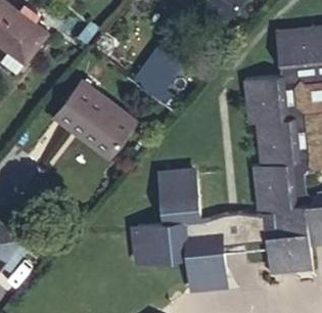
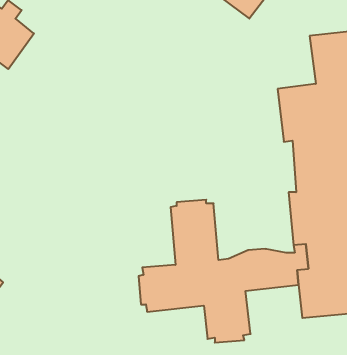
building: [136,43,187,99] -> none
building: [54,81,136,158] -> none

